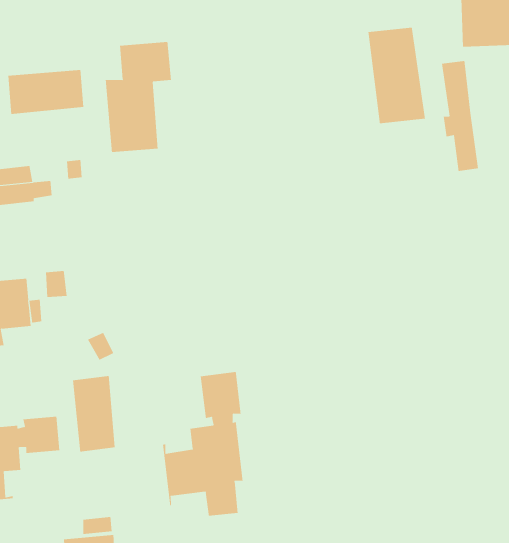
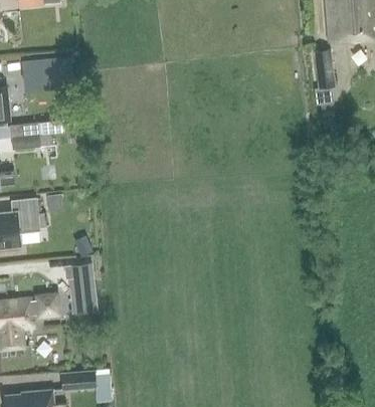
building: [368,27,425,124] -> none
building: [105,41,171,153] -> none
building: [163,371,243,517] -> none

